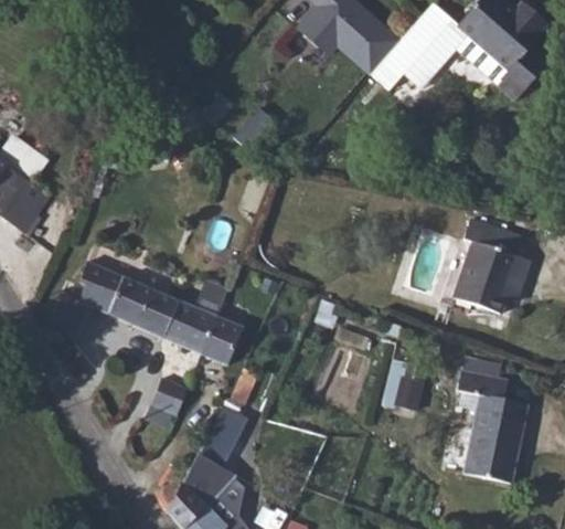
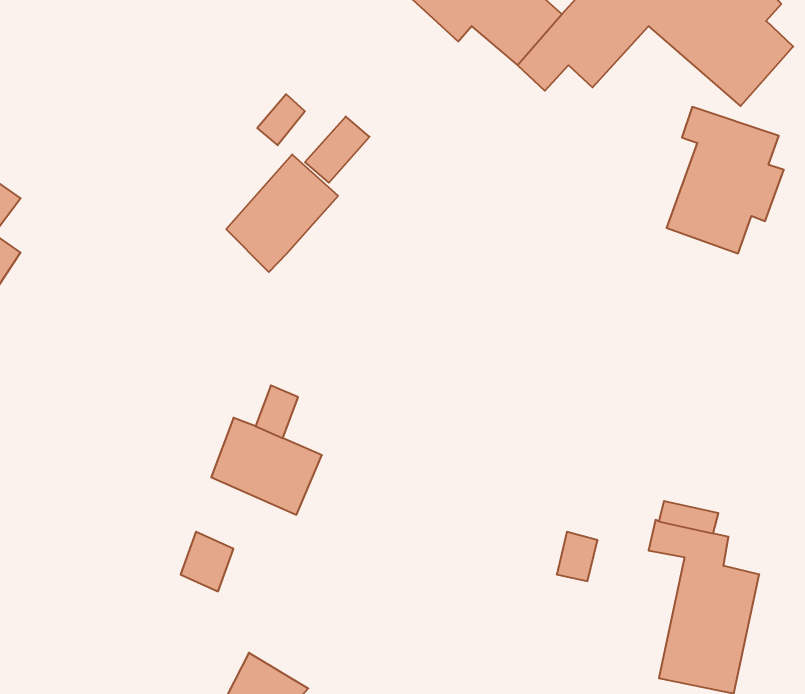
building: none -> [226,154,338,272]
building: [454,219,530,314] -> [667,107,784,253]
building: [53,261,186,341] -> none
building: [201,402,248,462] -> none

